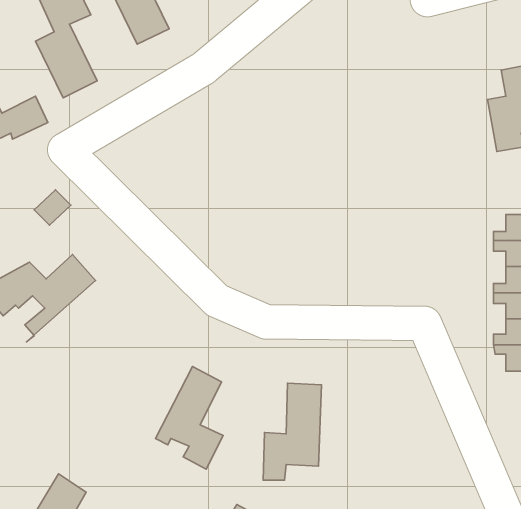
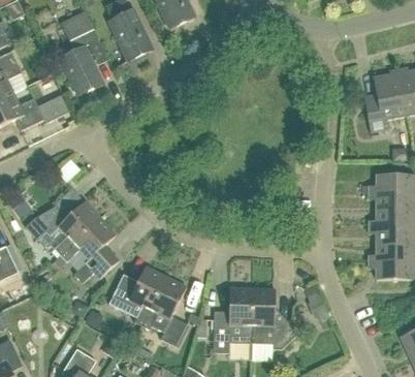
building: none -> [54,218,118,282]
building: none -> [108,265,165,324]
building: none -> [250,288,297,348]

